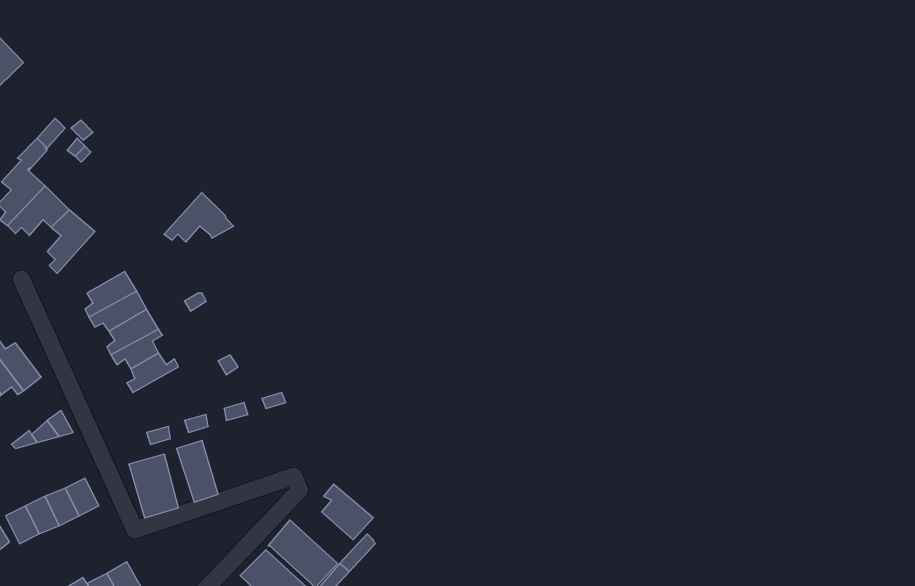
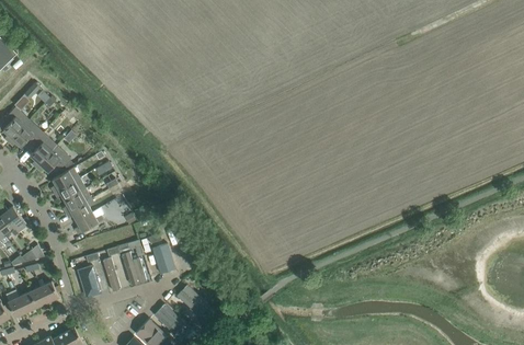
building: [164,192,234,242] -> [35,145,73,172]
building: none -> [152,248,179,277]
building: none -> [121,253,147,290]

